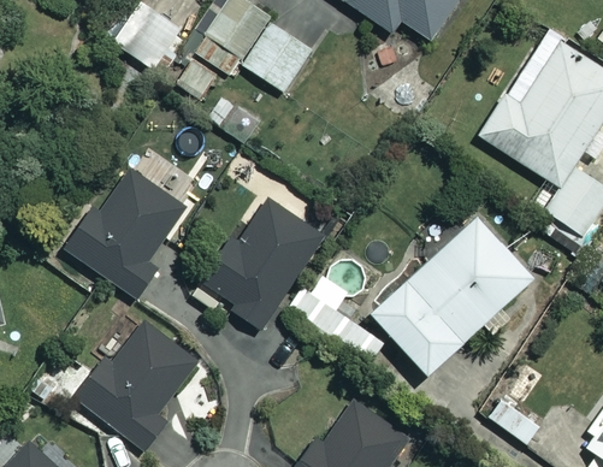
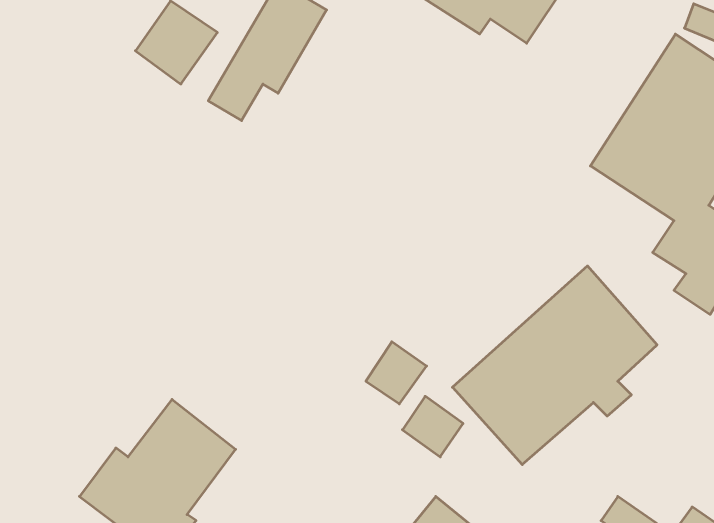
building: [242,24,314,95] -> none
building: [61,170,183,298] -> none
building: [197,199,321,327] -> none

